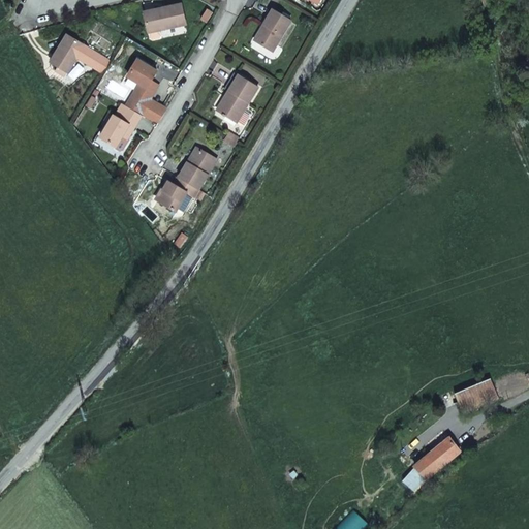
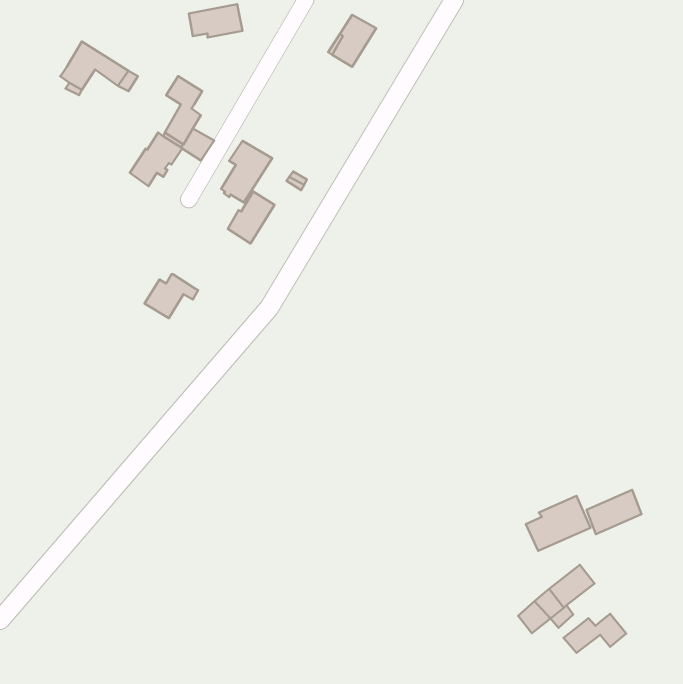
building: [218,74,257,122] -> [221,141,272,202]
building: [155,177,196,211] -> [145,274,198,318]
building: none -> [526,496,591,551]
building: none -> [564,614,626,653]

